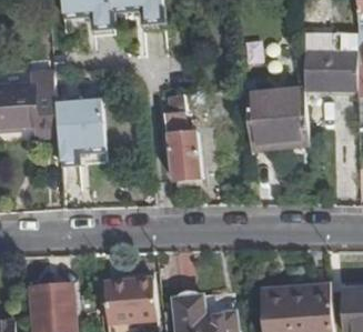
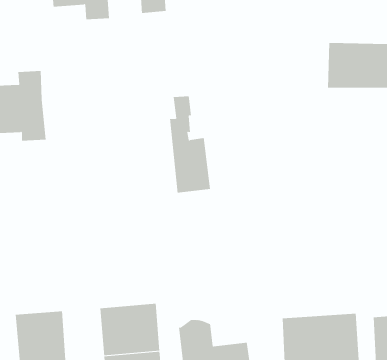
building: [245,87,309,150] -> none
building: [54,94,105,164] -> none

